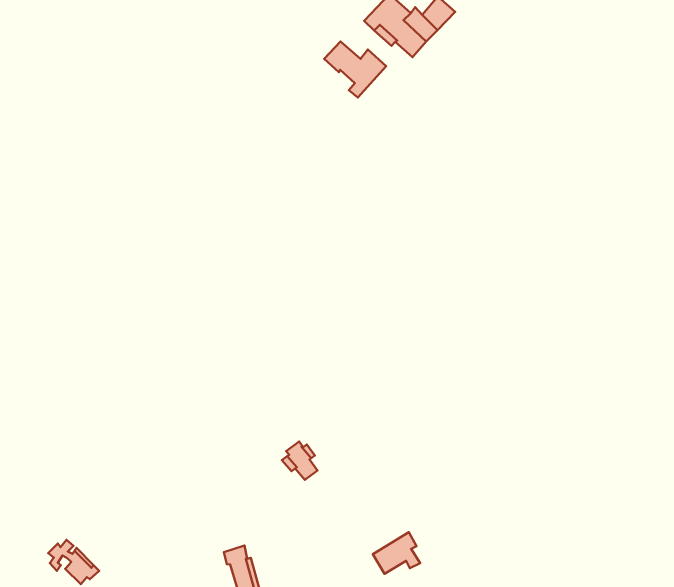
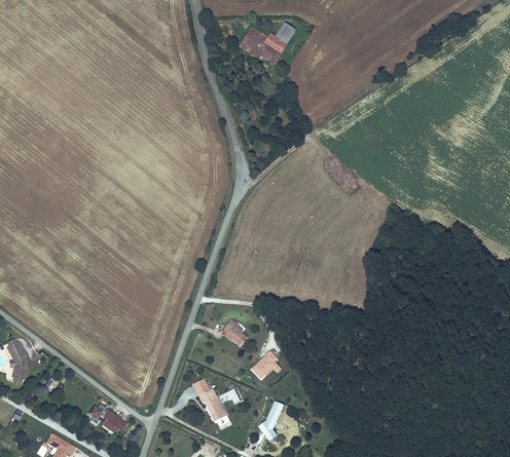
building: [324,41,386,98] -> none
building: [373,532,420,574] -> [250,350,281,379]

